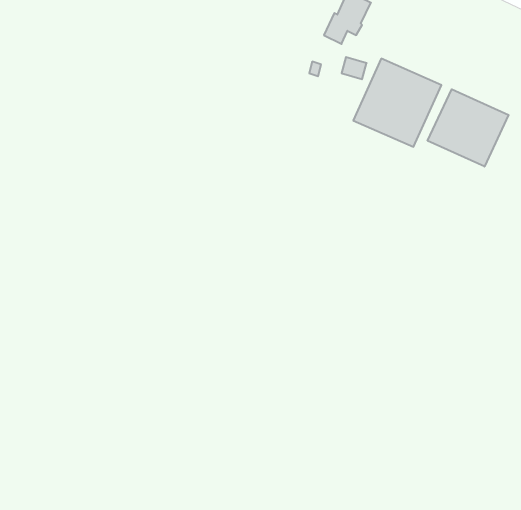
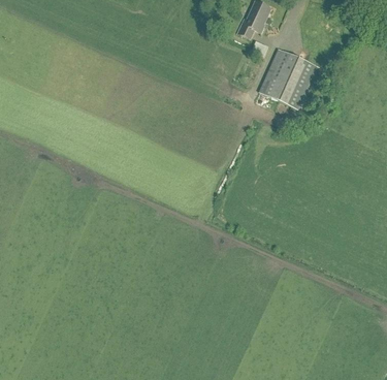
building: [428,89,509,167] -> none

